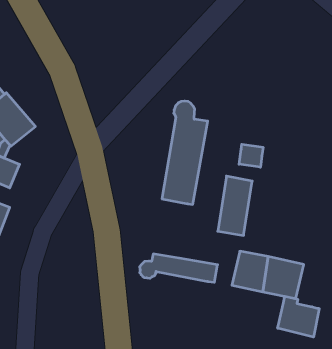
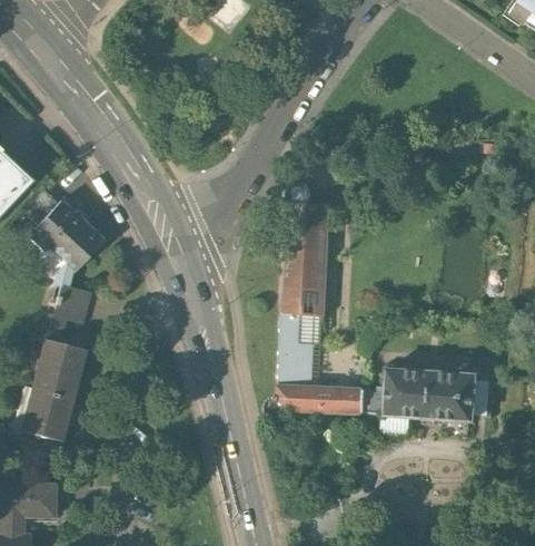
building: [239,144,263,167] -> none
building: [218,176,252,235] -> [279,313,316,388]
building: [278,296,319,337] -> none

